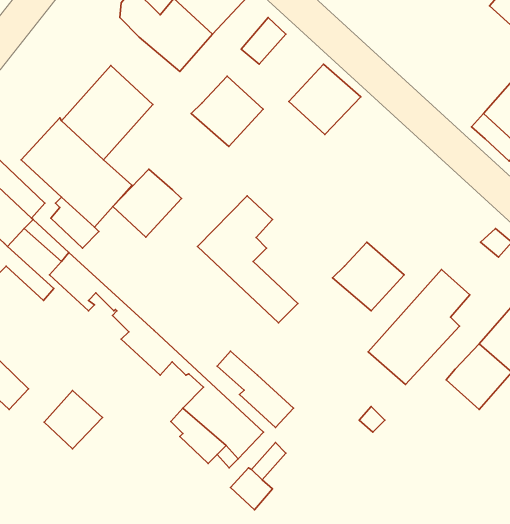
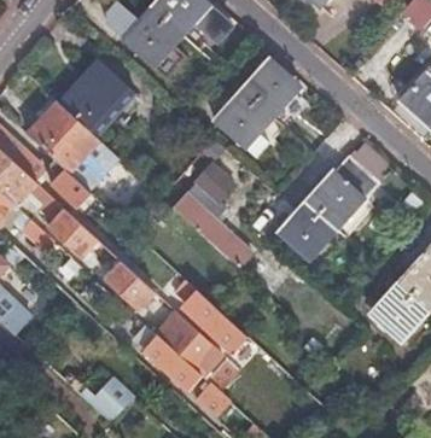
building: [191,76,263,147] -> [214,89,272,146]
building: [113,169,182,237] -> none
building: [368,269,470,385] -> [305,136,388,229]
building: [44,391,103,449] -> [86,372,133,419]

